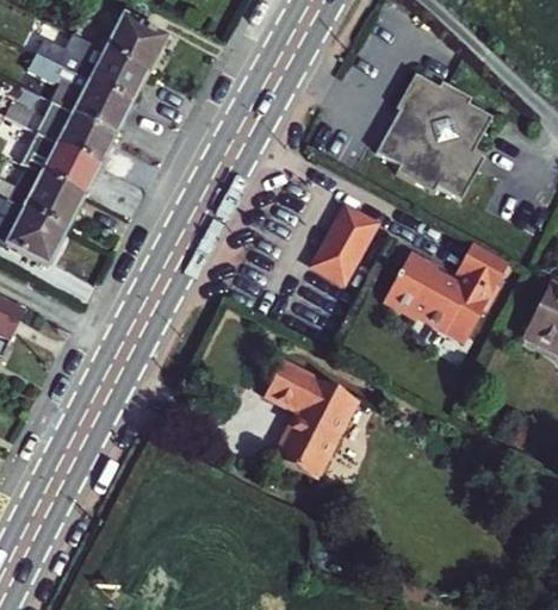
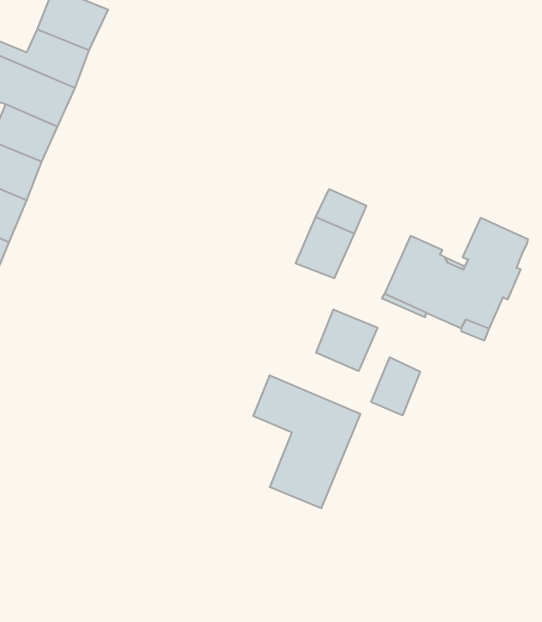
building: [376,73,491,199] -> none
building: none -> [316,309,377,371]
building: none -> [371,357,420,415]

